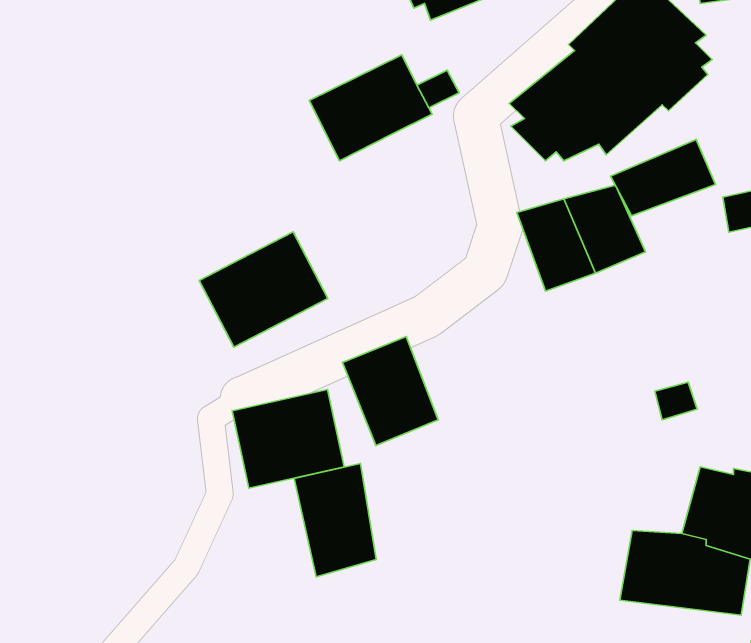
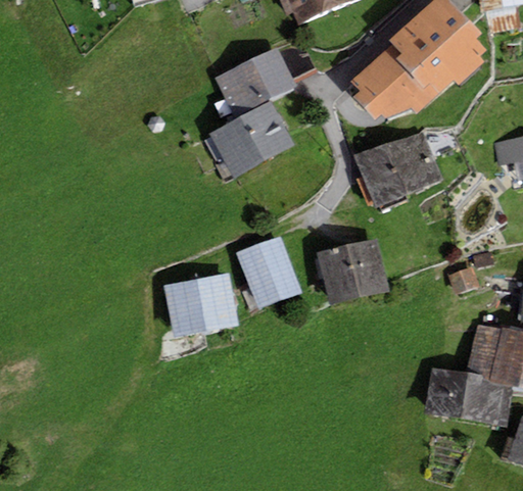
building: [611,140,715,216] -> none
building: [199,232,328,347] -> [208,99,295,177]
building: none -> [318,237,390,303]
building: [294,464,376,577] -> none

